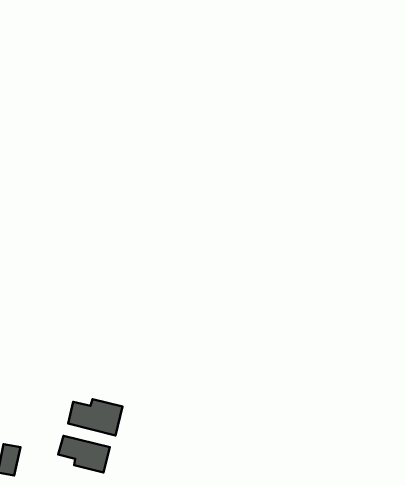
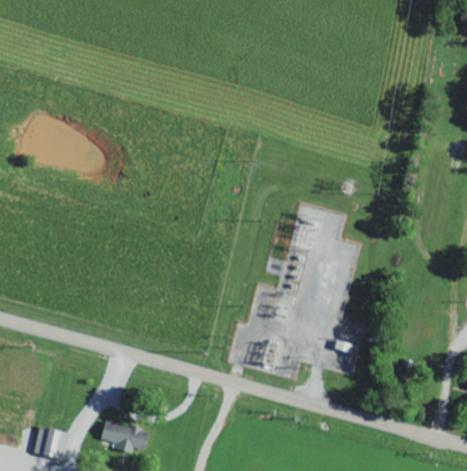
building: [68,399,123,435] -> none

